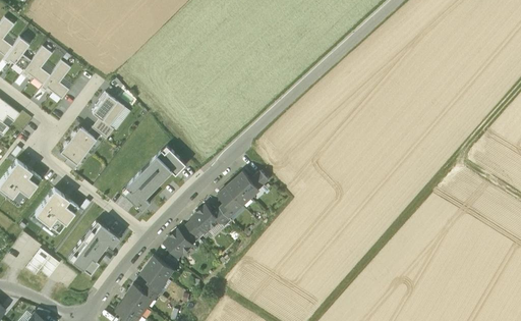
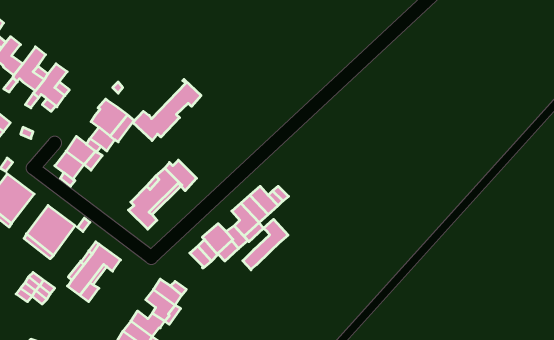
building: none -> [133,79,201,141]
building: none -> [243,219,288,270]
building: [165,227,192,256] -> none

